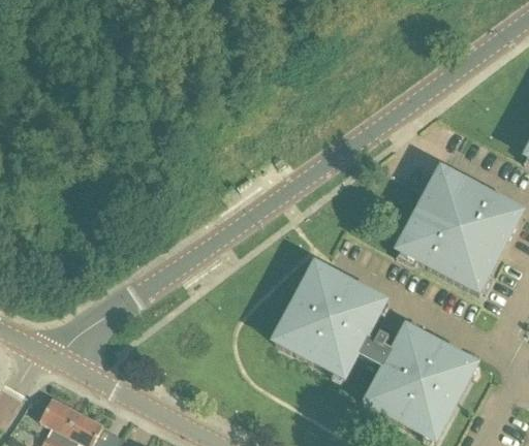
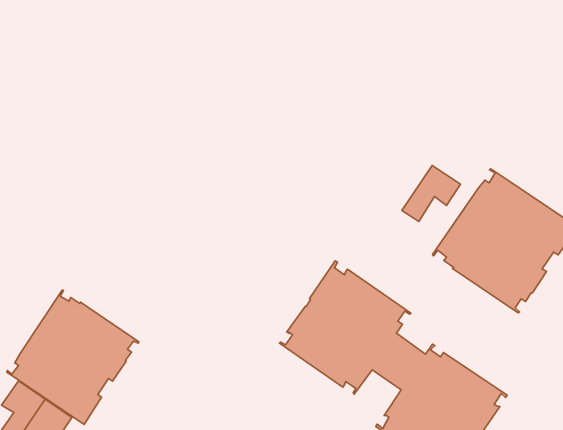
building: none -> [402,165,460,221]
building: none -> [7,290,139,425]

